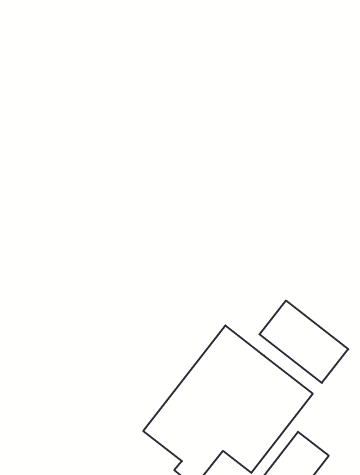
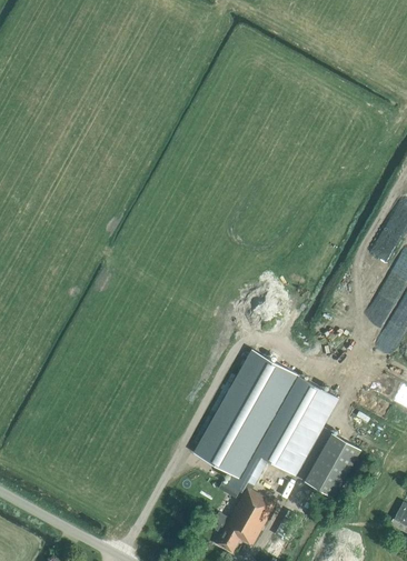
building: [259,301,348,383] -> none

